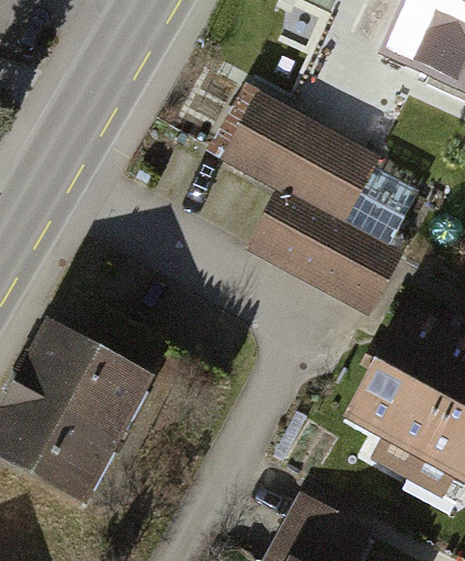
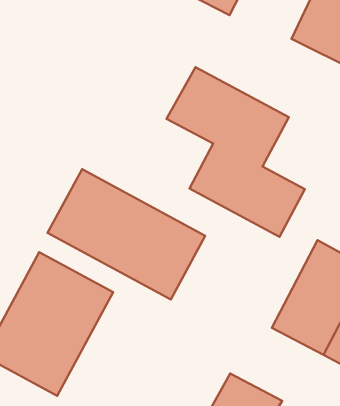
building: none -> [48,169,205,299]

